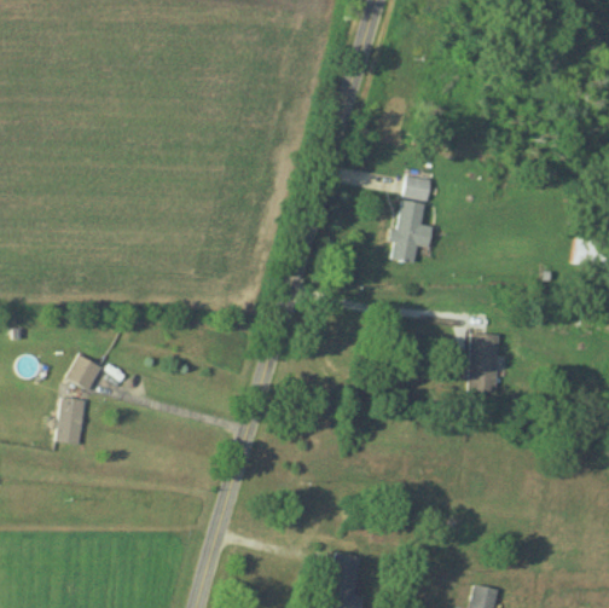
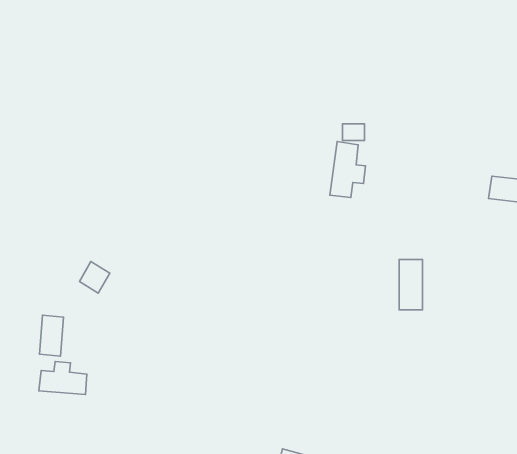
building: [66,354,101,390] -> [79,261,110,293]
building: none -> [39,361,87,394]

